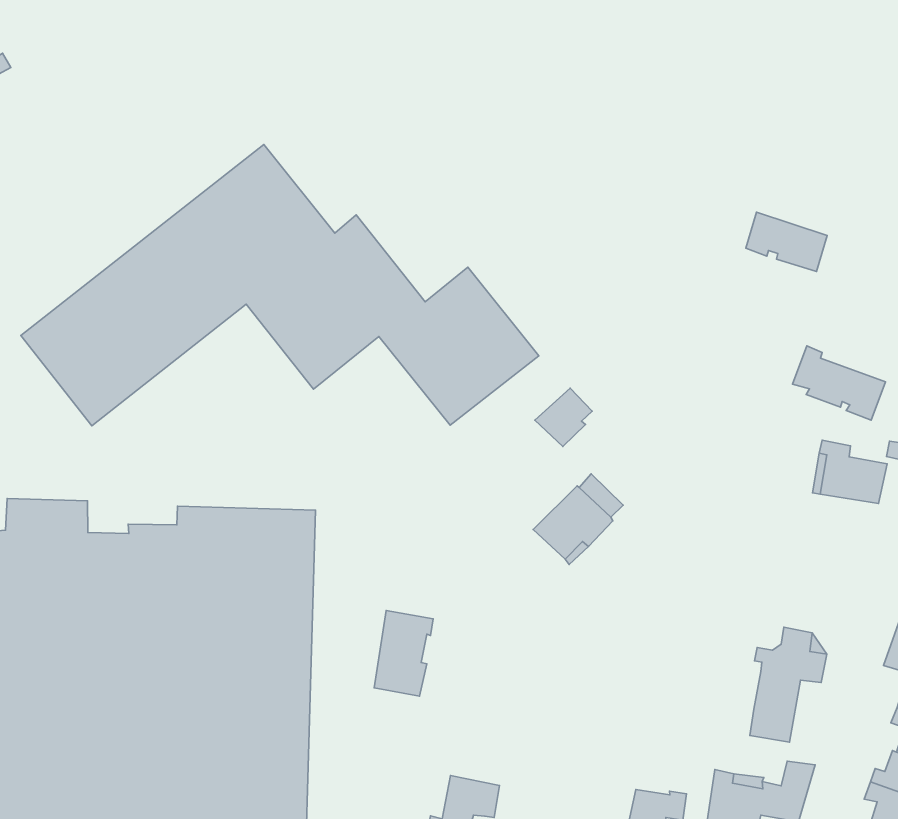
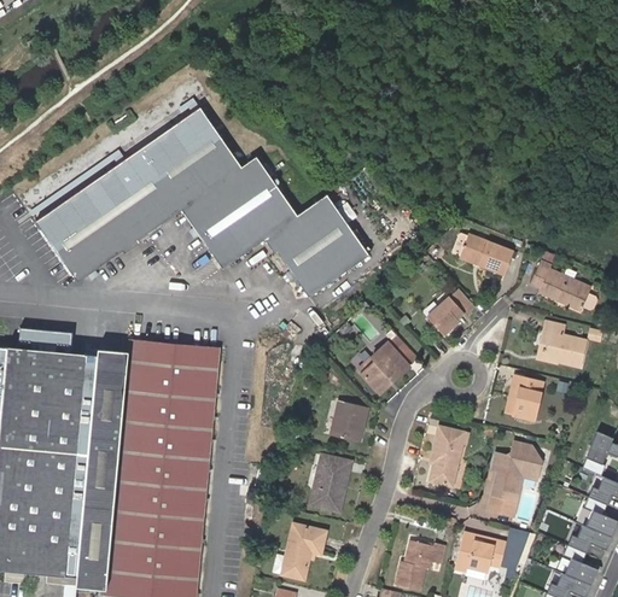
building: [746,212,827,272] -> [460,234,513,275]
building: [535,388,592,446] -> [427,297,465,334]
building: none -> [507,375,544,420]
building: none -> [331,402,366,443]
building: [374,611,433,696] -> [309,455,350,511]
building: none -> [430,428,468,486]

